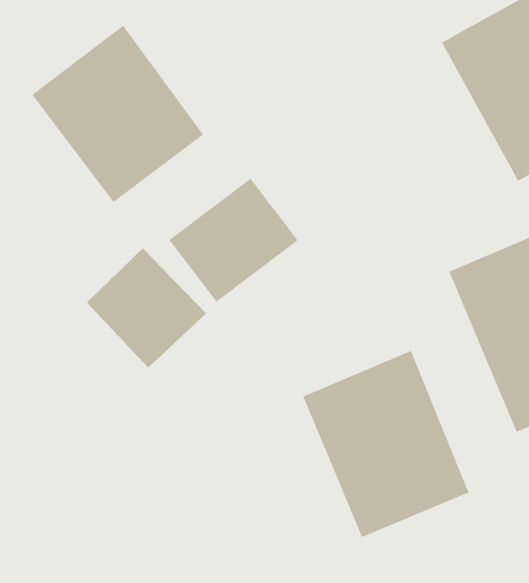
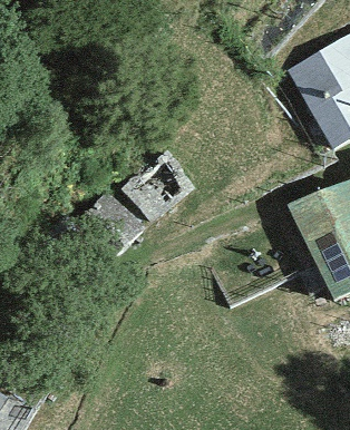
building: [32,25,204,203] -> none
building: [303,350,469,538] -> none

